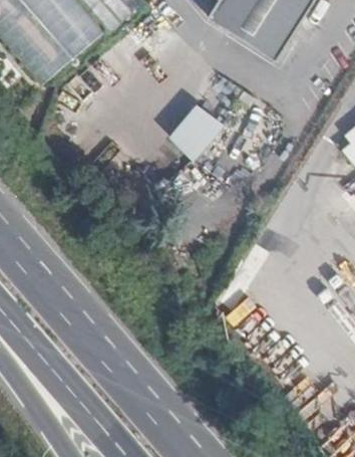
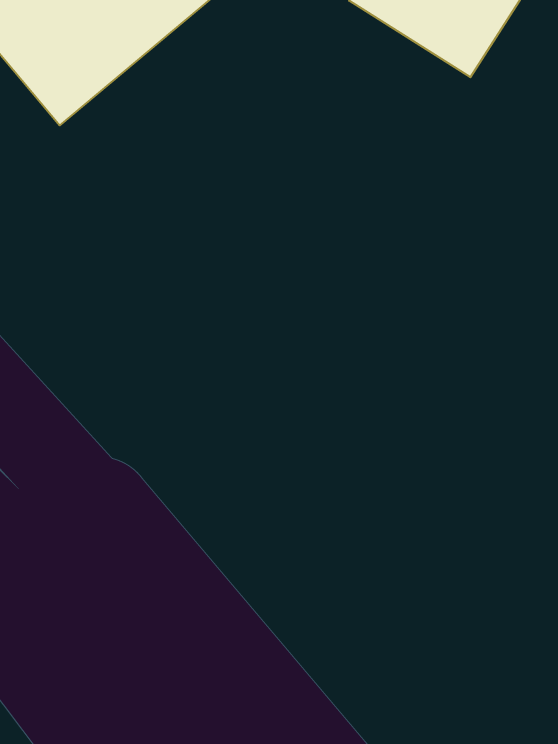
building: [166,101,218,155] -> none

